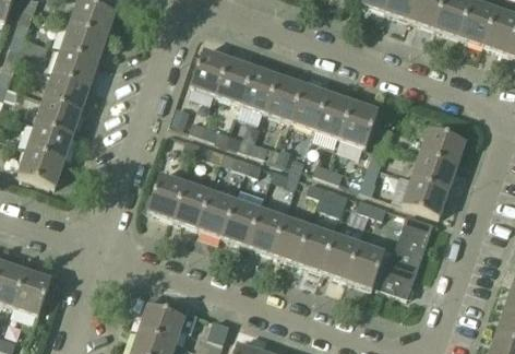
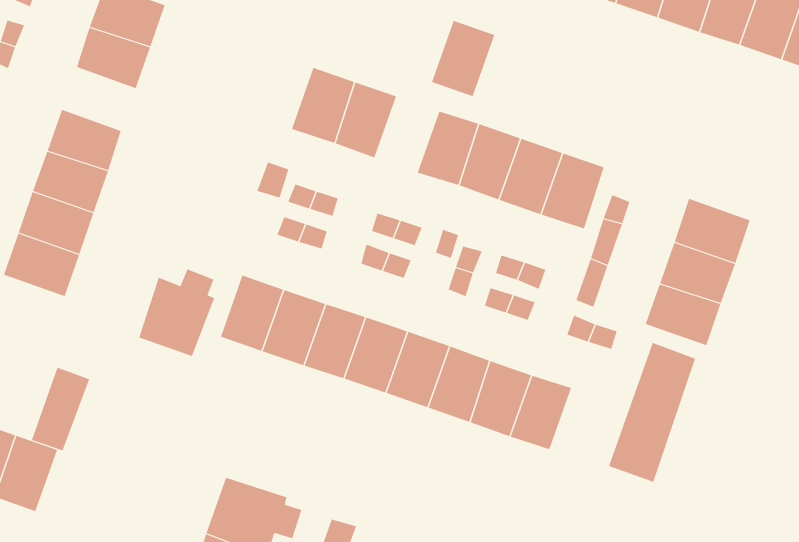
building: [52,48,97,86] -> none
building: [240,66,278,111] -> [431,20,495,97]
building: none -> [138,269,215,357]
building: none -> [31,367,90,451]
building: [345,240,384,286] -> none

